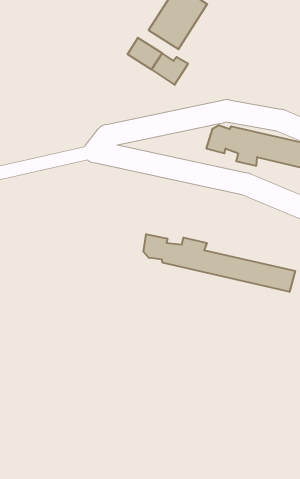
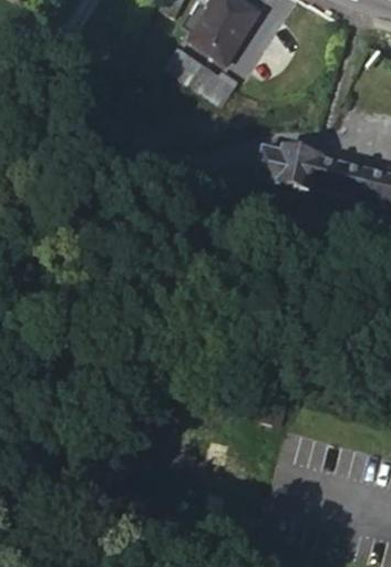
building: [144,234,295,292] -> none

